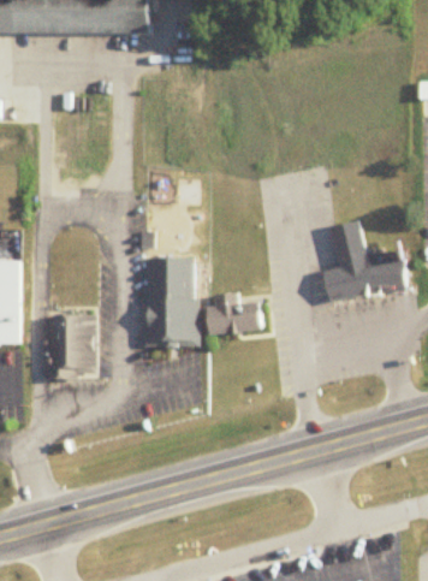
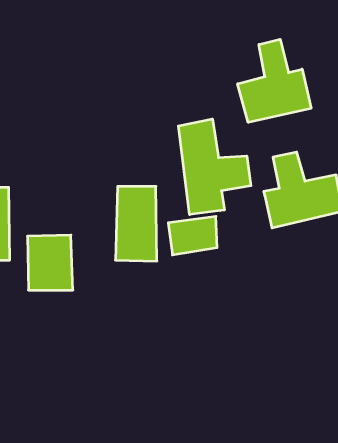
building: none -> [238,39,311,122]
building: none -> [178,119,251,215]

